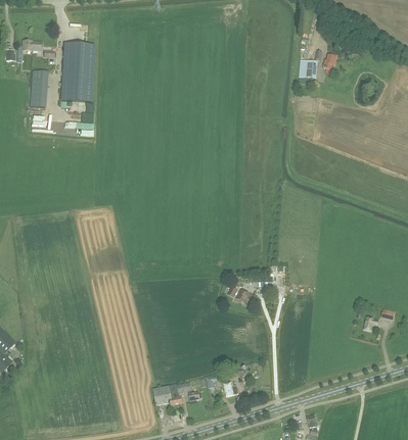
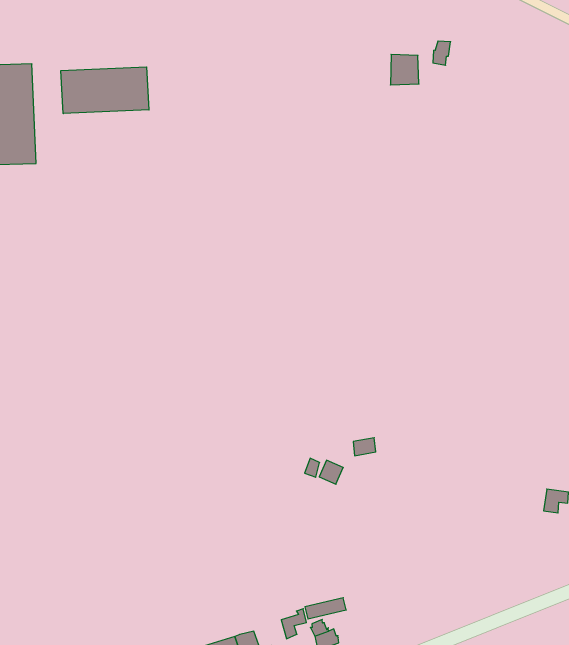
building: none -> [61,67,149,114]

